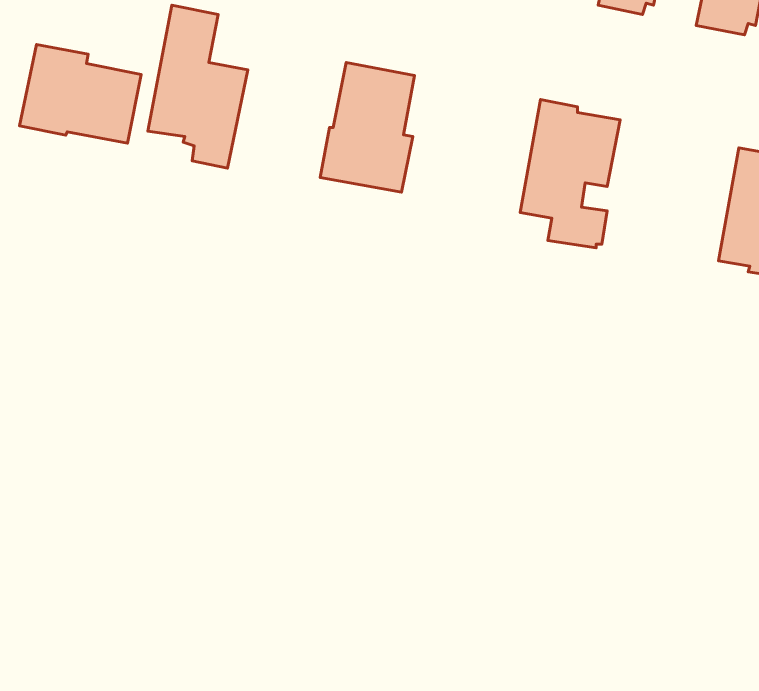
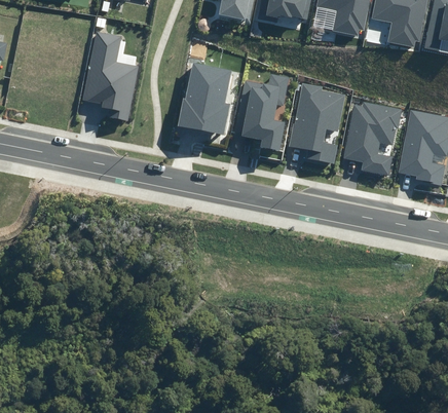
building: [20,44,141,143] -> none
building: none -> [234,74,288,150]
building: none -> [343,102,401,176]

